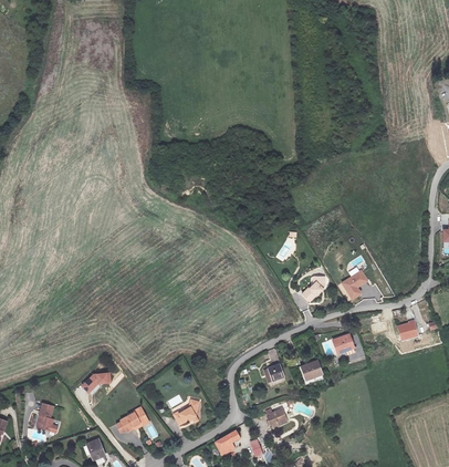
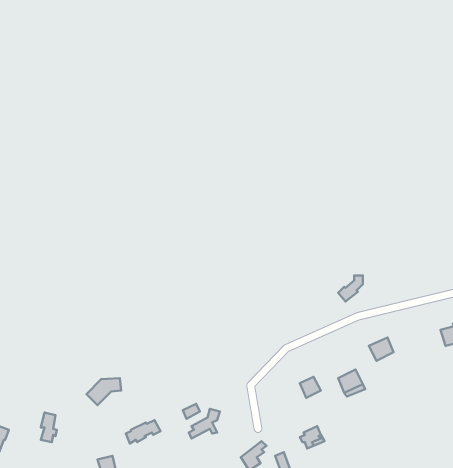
building: [336,266,367,300] -> none

